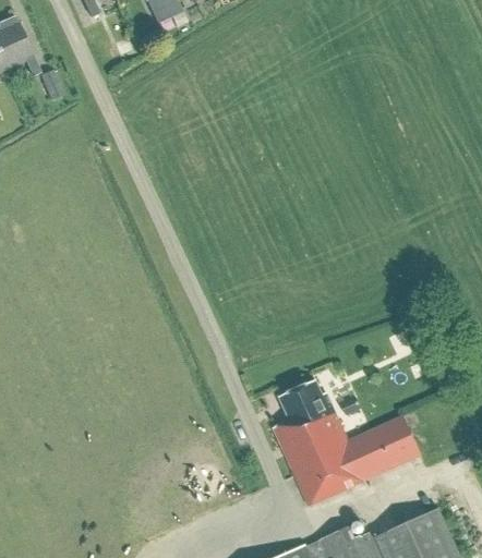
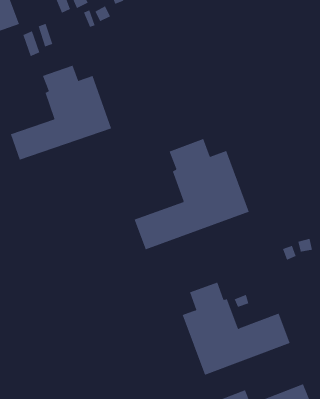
building: none -> [10,65,112,161]
building: none -> [134,138,250,250]

